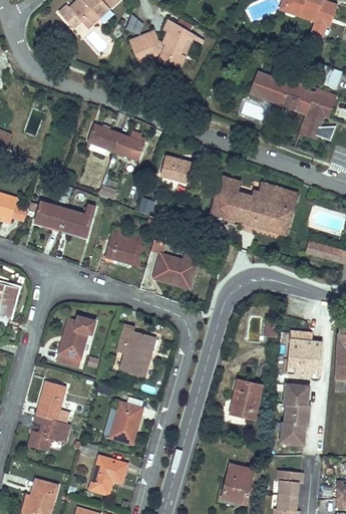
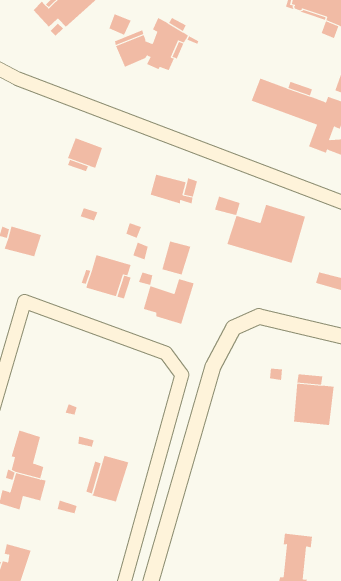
building: [113,134,144,161] -> none
building: [210,188,236,218] -> [161,241,191,275]
building: [60,205,95,237] -> none
building: [56,317,94,368] -> none
building: [117,324,153,377] -> none
building: [230,380,261,419] -> none
building: [280,383,309,445] -> none
building: [89,457,126,494] -> none
building: [222,464,254,503] -> none

